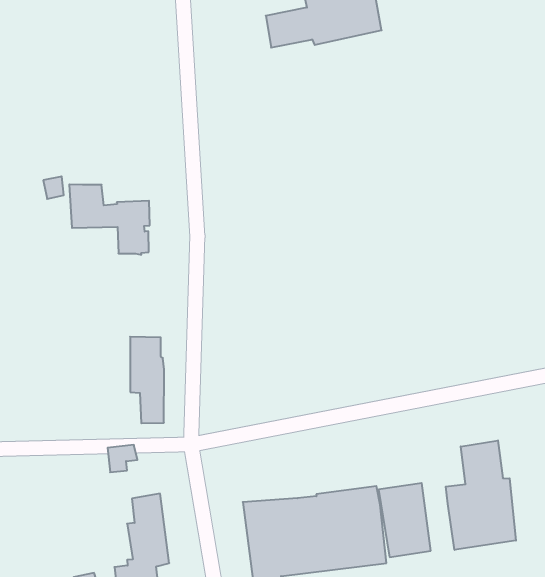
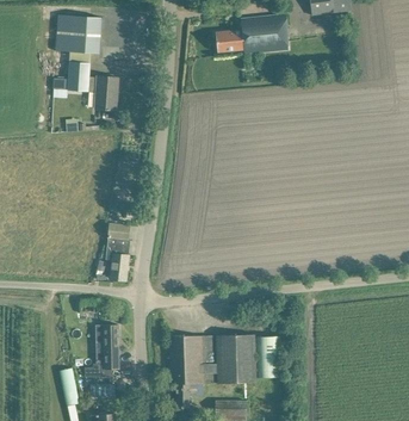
building: none -> [55,13,105,52]
building: [69,184,150,255] -> [68,61,118,110]
building: [446,440,516,550] -> none

